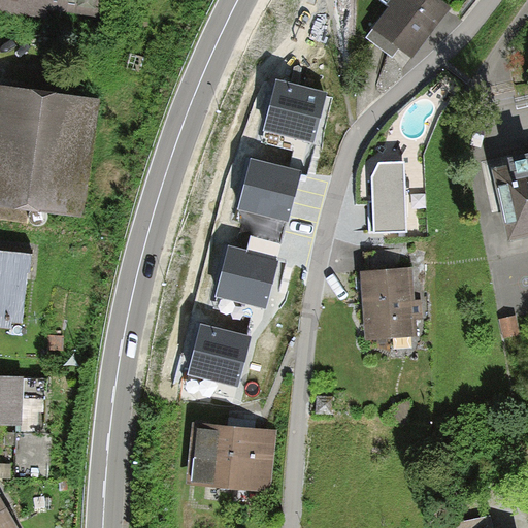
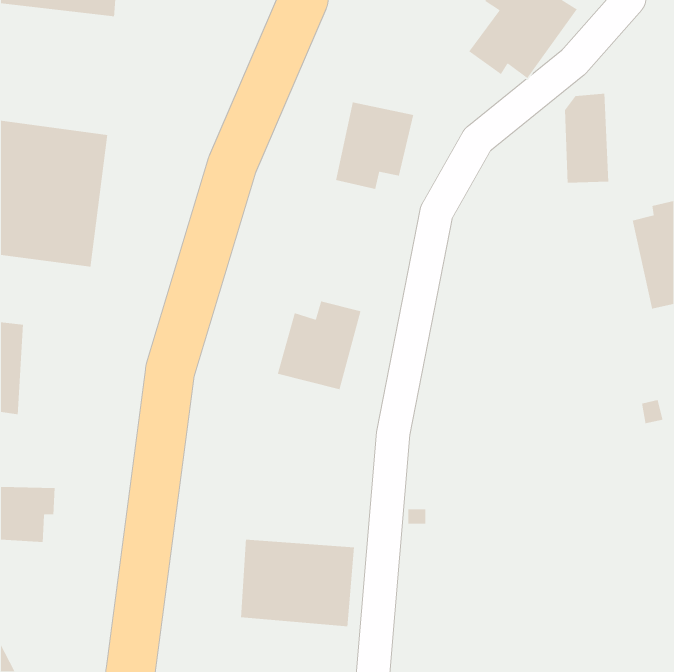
building: [237,157,302,222] -> none
building: [372,161,407,232] -> [564,93,609,184]
building: [363,272,415,339] -> none
building: [186,323,251,388] -> none

